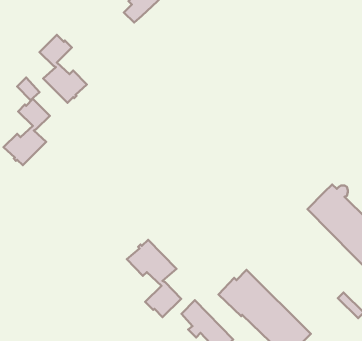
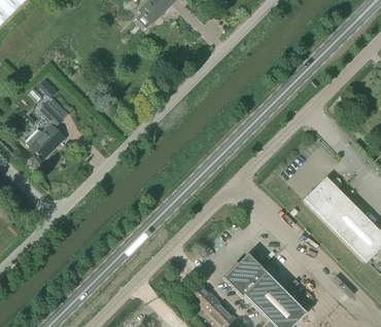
building: [40,35,87,103] -> none
building: [127,240,181,317] -> none

